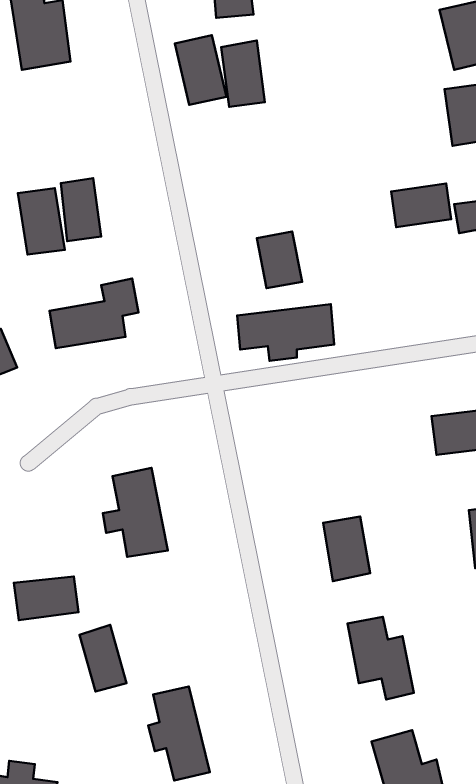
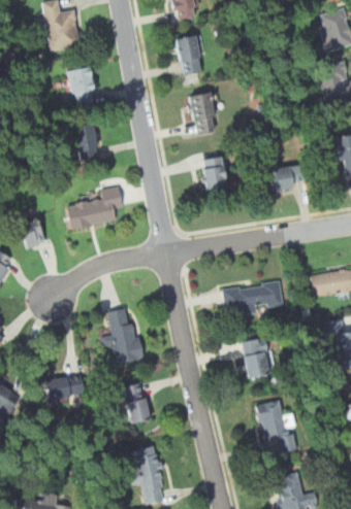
building: [175,35,226,105] -> [187,91,220,135]
building: [391,183,451,227] -> [266,164,305,192]
building: [18,188,65,255] -> [66,66,96,108]
building: [237,304,334,361] -> [221,280,283,316]
building: [79,625,126,691] -> [121,382,151,425]

